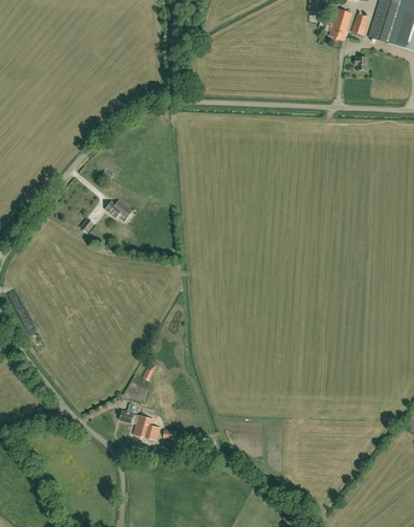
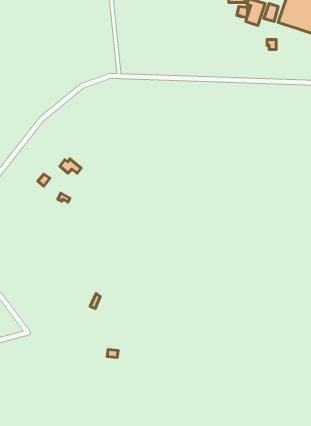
building: [119,410,161,440] -> none

